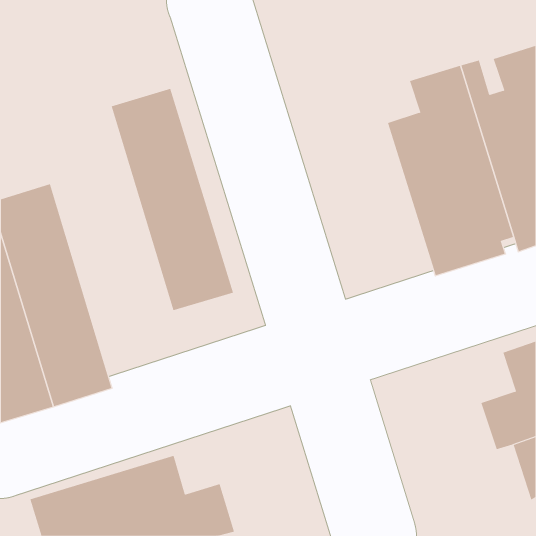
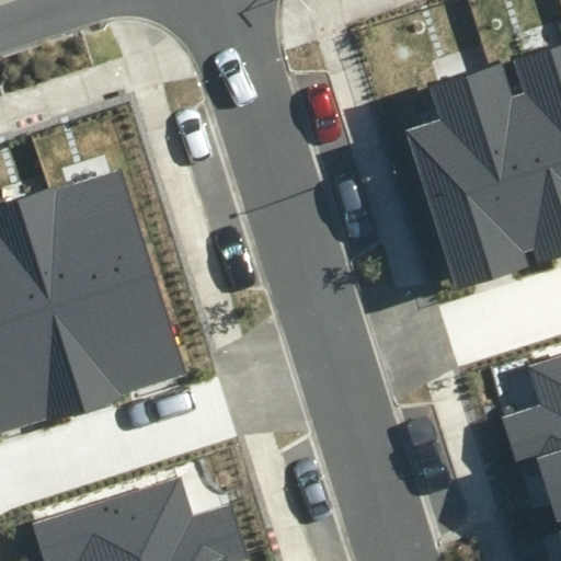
building: [111,88,234,311] -> [53,173,181,405]

